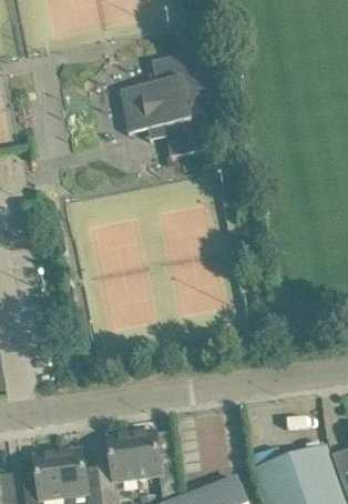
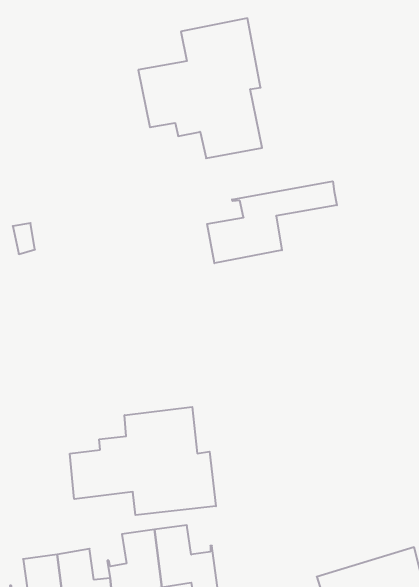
building: none -> [207,181,337,263]
building: none -> [70,407,216,515]

